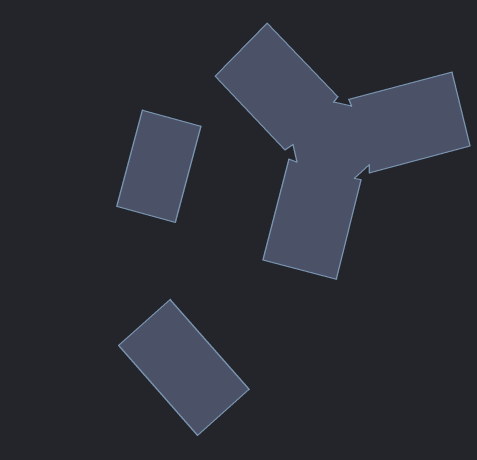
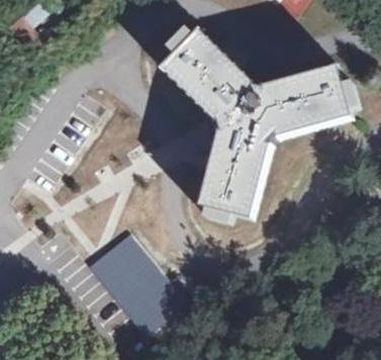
building: [117,110,201,222] -> none

